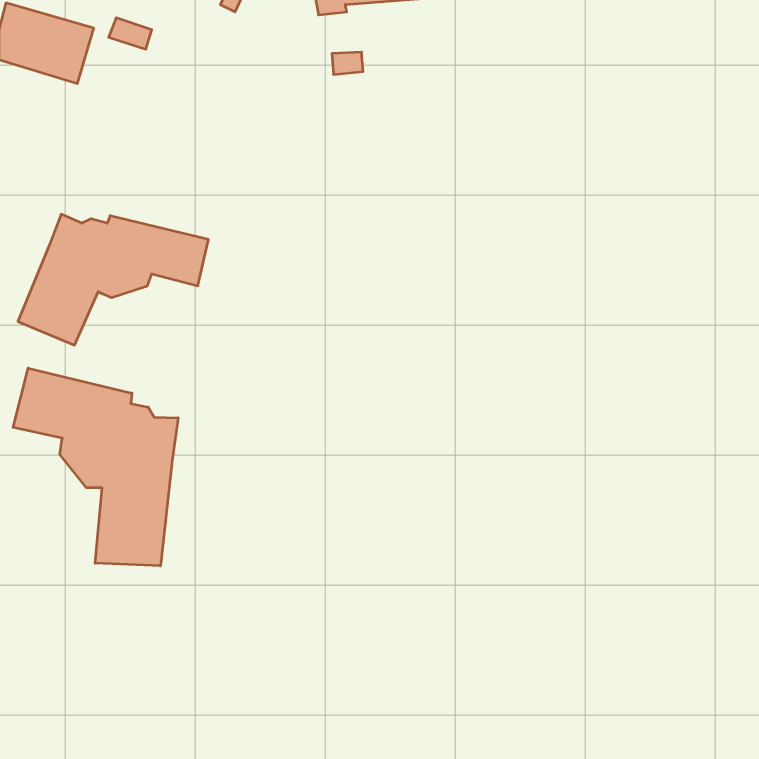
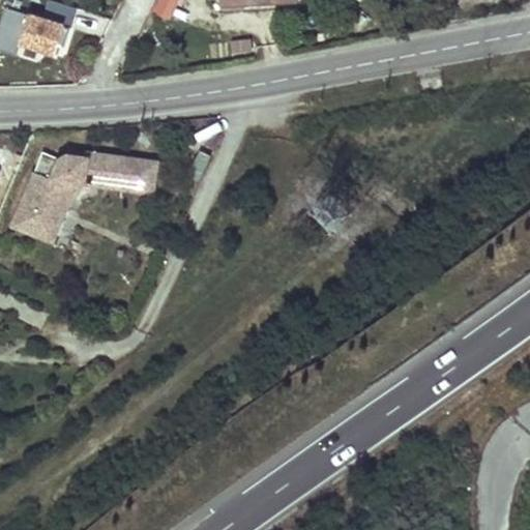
building: [13,368,178,566] -> none

